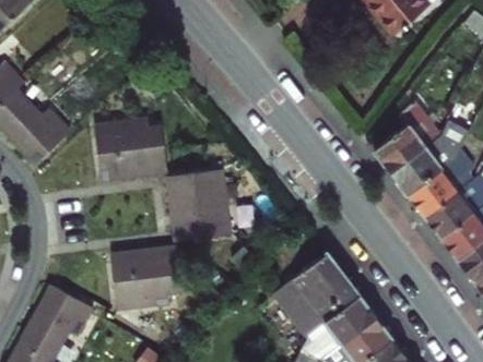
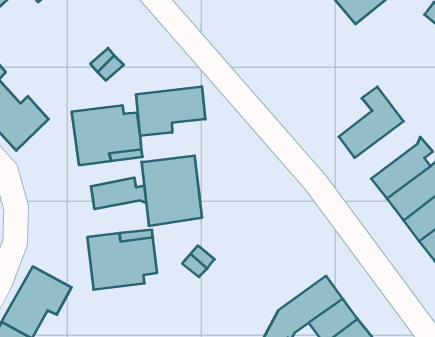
building: none -> [136,86,205,136]
building: [389,128,467,194] -> none
building: none -> [91,178,146,209]
building: [278,252,360,331] -> none

